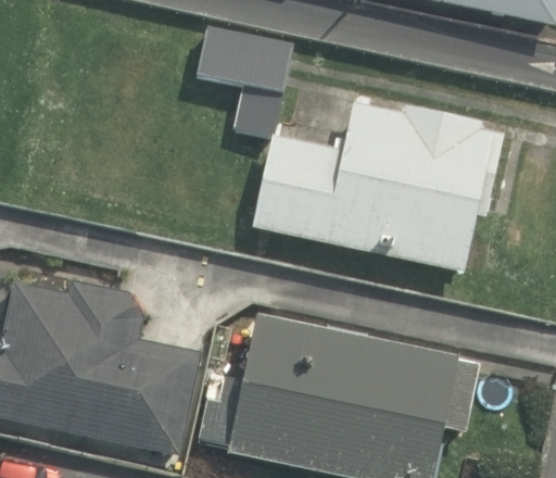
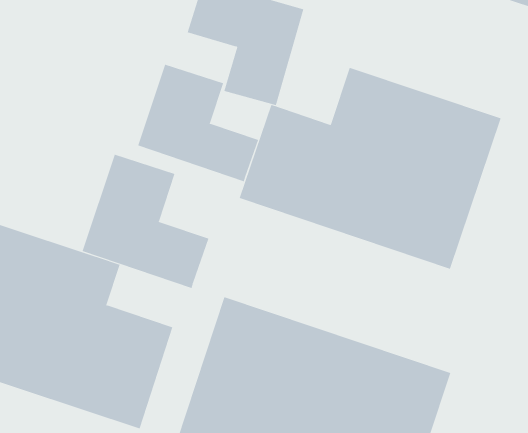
building: none -> [137,64,259,182]
building: none -> [82,154,209,289]

